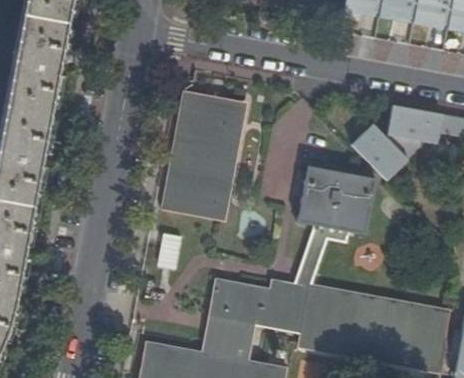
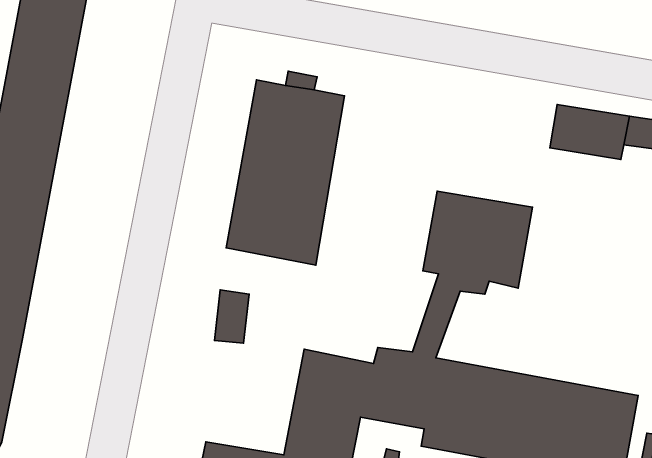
building: [352,126,409,182] -> none

